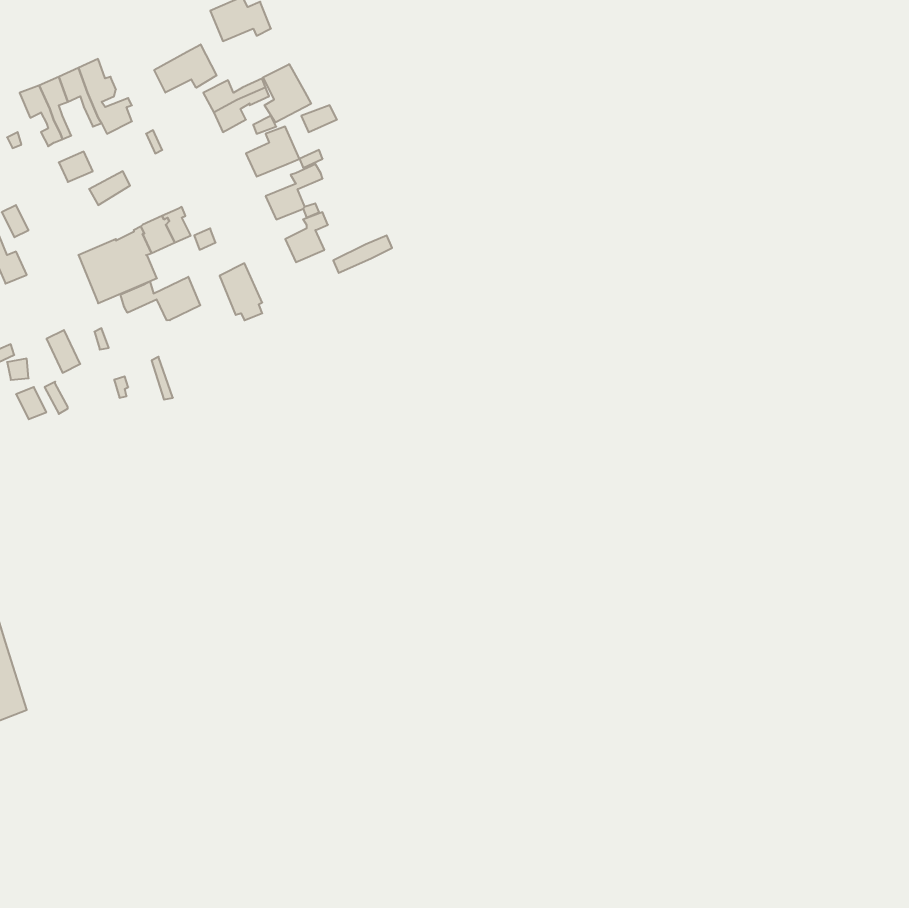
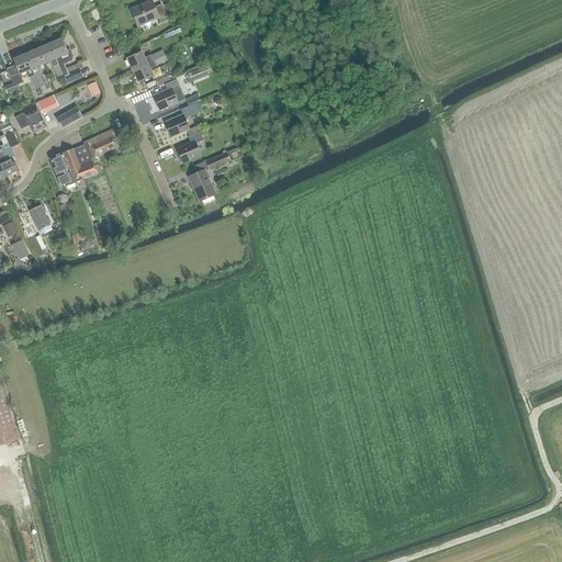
building: [154,44,217,93] -> none
building: [263,64,311,122] -> none
building: none -> [14,105,45,132]
building: [220,263,262,320] -> [188,168,214,203]
building: [121,277,200,320] -> none

